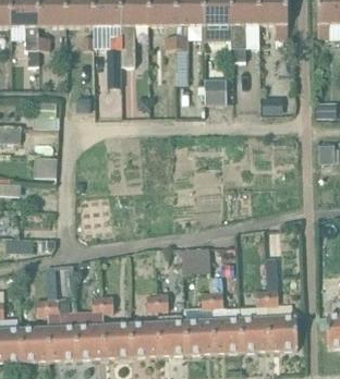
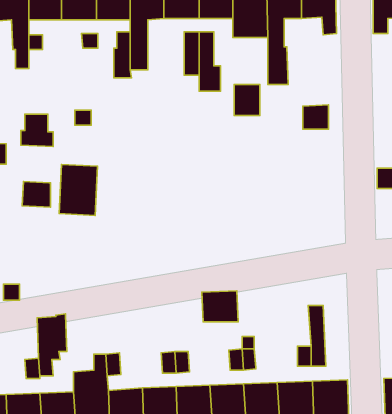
building: none -> [59,165,98,215]

